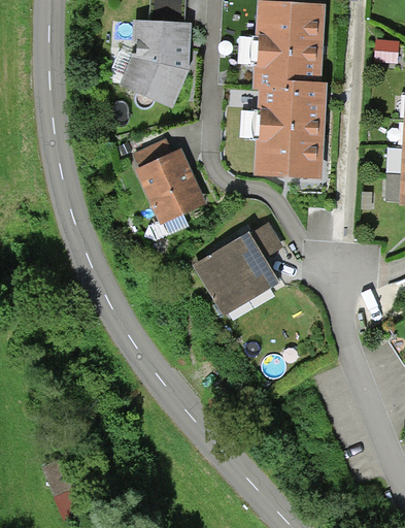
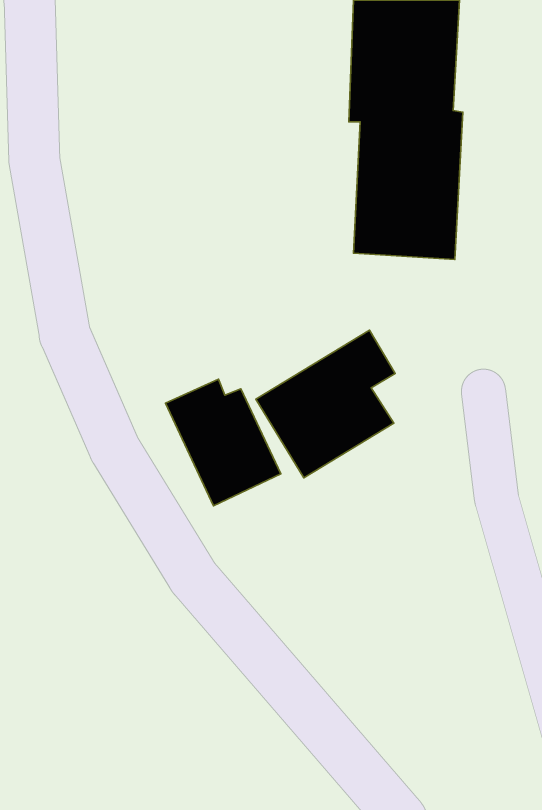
building: [122,19,192,103] -> none
building: [133,139,207,221] -> [165,379,281,506]

